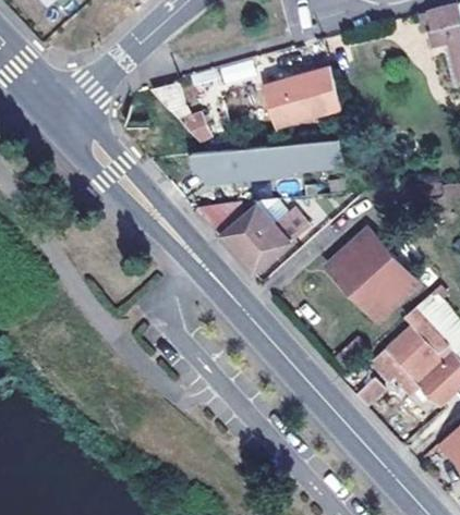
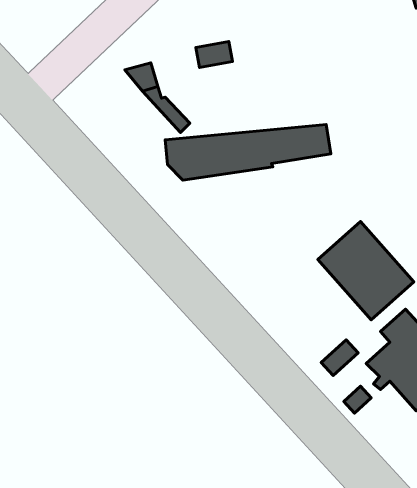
building: [266,65,344,128] -> none
building: [199,199,310,273] -> none

